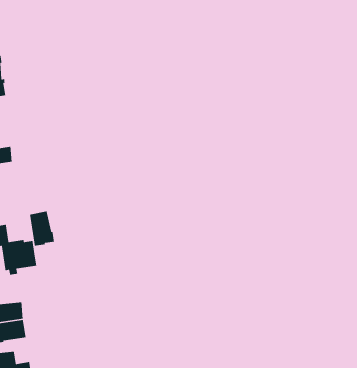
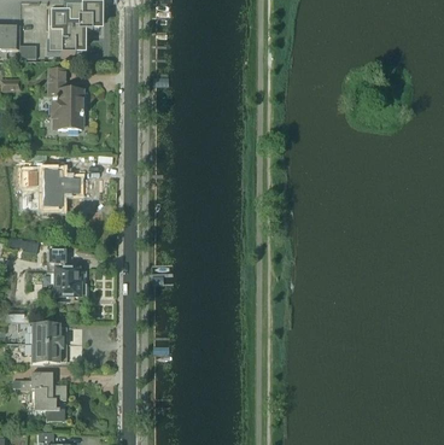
building: [29,210,55,247] -> none

